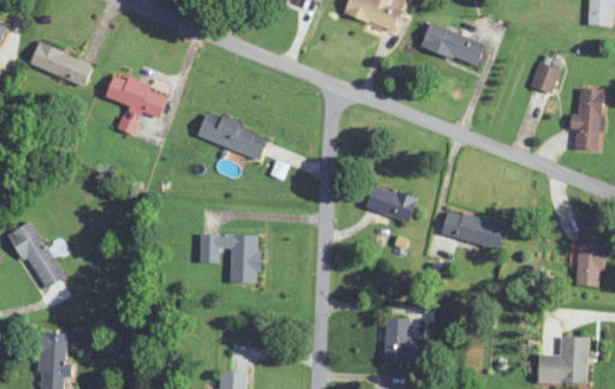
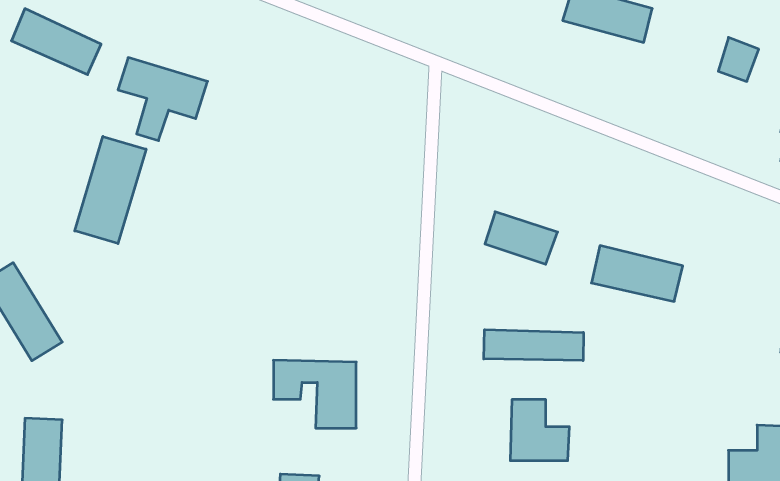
building: [197,115,268,157] -> none
building: none -> [75,136,146,244]
building: [199,234,258,282] -> [273,360,356,428]
building: none -> [484,330,583,361]

